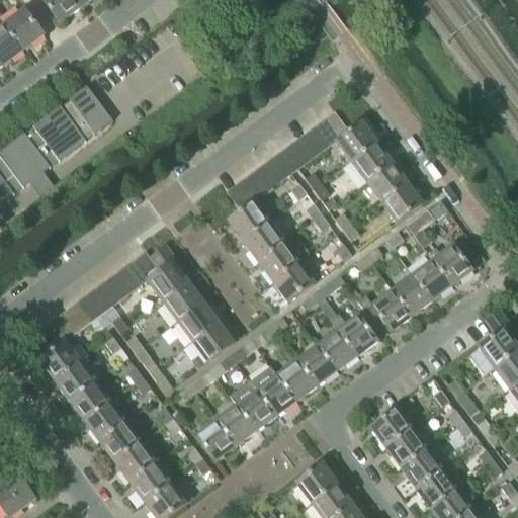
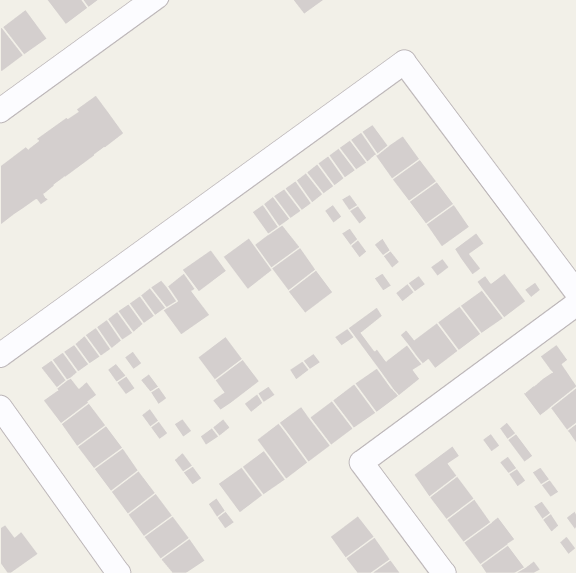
building: none -> [223,238,273,290]
building: [274,262,315,301] -> none
building: [163,282,203,321] -> [182,249,227,292]

